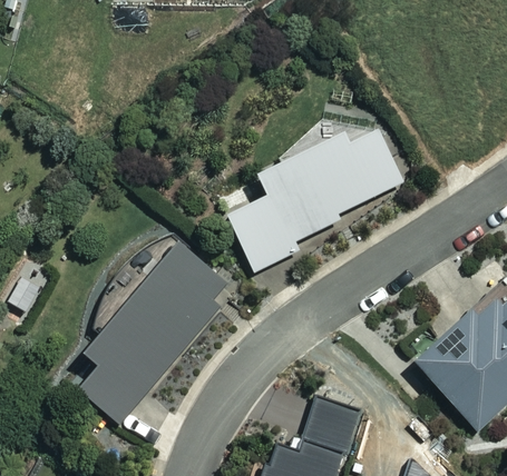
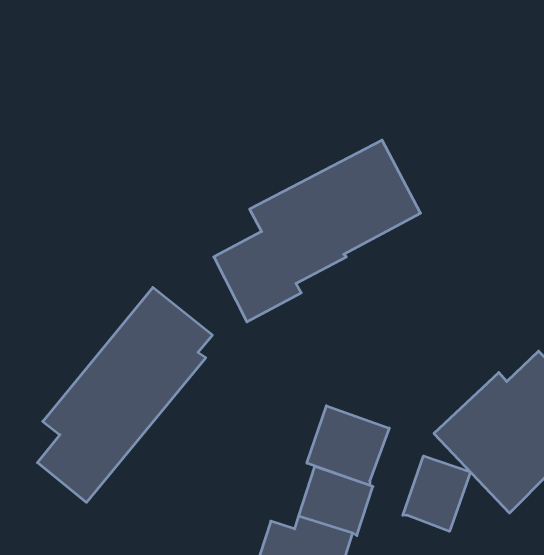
building: none -> [307,406,389,485]
building: none -> [403,456,470,531]

